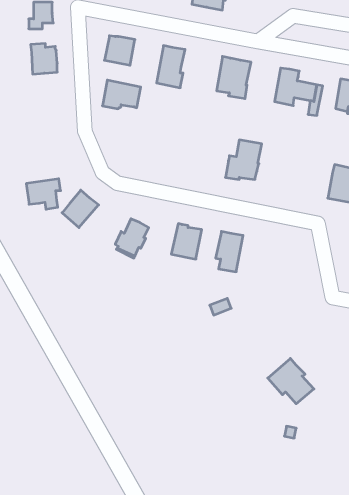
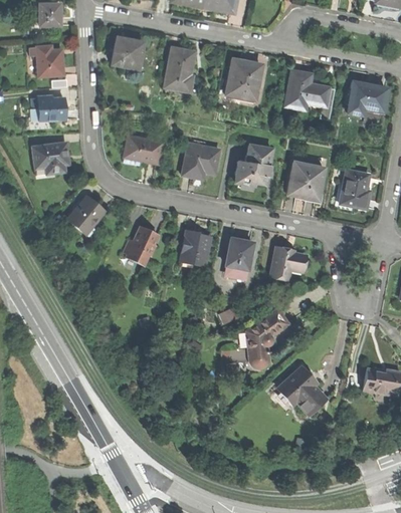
building: [102,80,141,109] -> [124,135,163,164]
building: none -> [31,94,65,119]
building: none -> [182,144,219,179]
building: none -> [286,161,324,198]
building: [26,179,61,209] -> [33,141,68,172]
building: none -> [270,246,306,278]
building: none -> [229,307,288,367]

